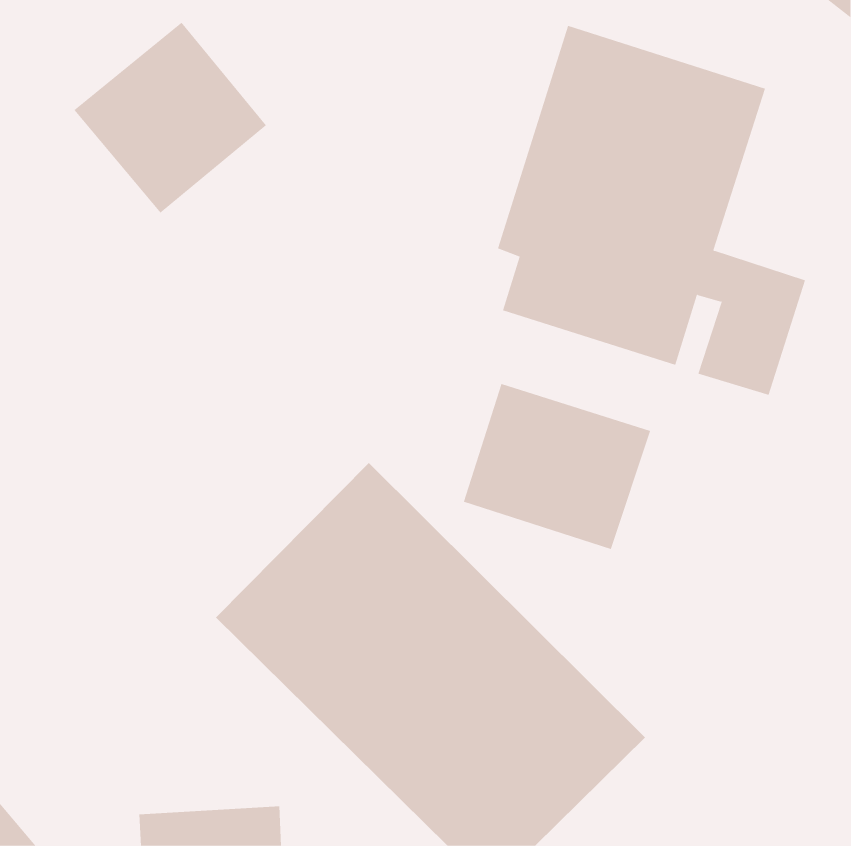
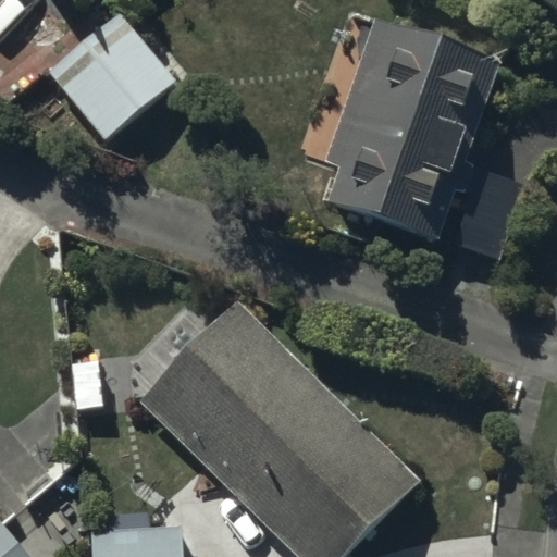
building: [463,383,651,550] -> none

